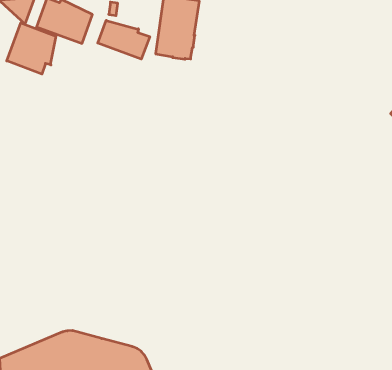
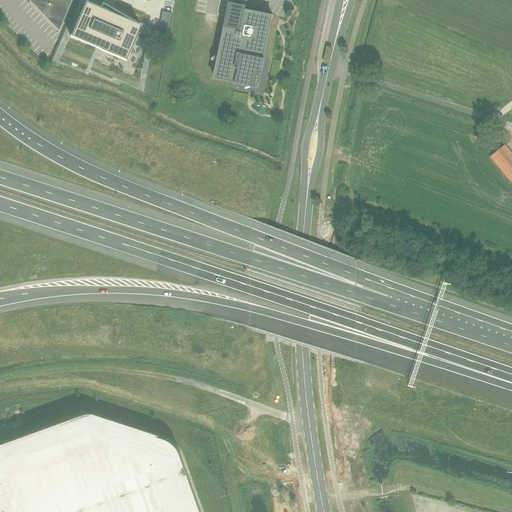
building: [98,20,150,59] -> none
building: [7,23,56,74] -> none

